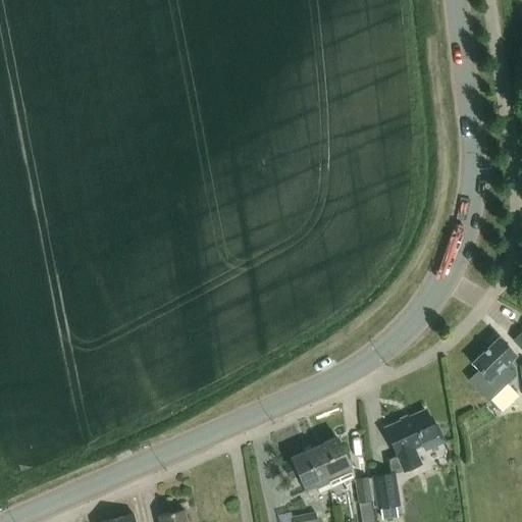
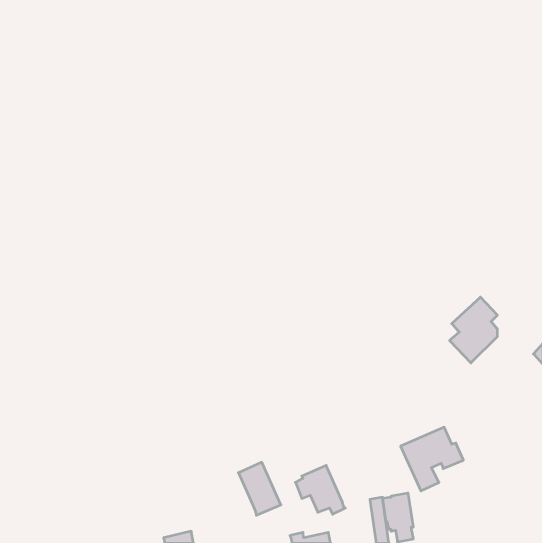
building: [470,337,516,401] -> [450,297,497,363]
building: [314,436,355,487] -> [238,462,281,515]

